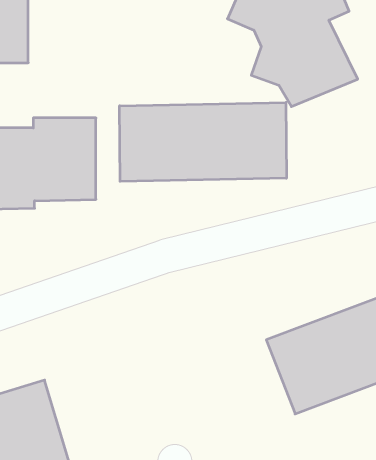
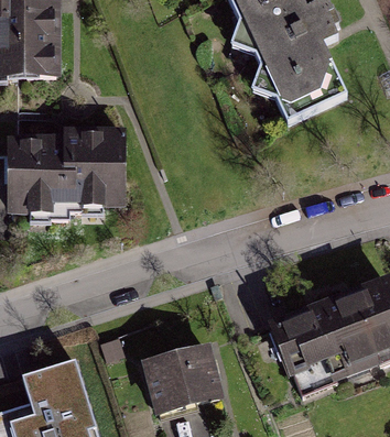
building: [120,102,286,181] -> none
building: none -> [145,348,216,413]

